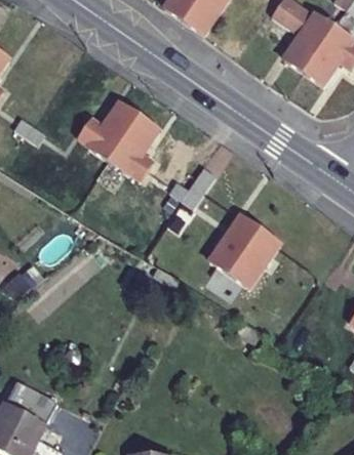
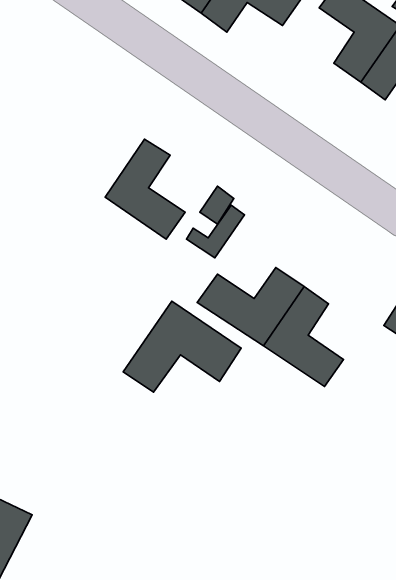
building: [61,102,140,161] -> none
building: none -> [123,301,241,392]

